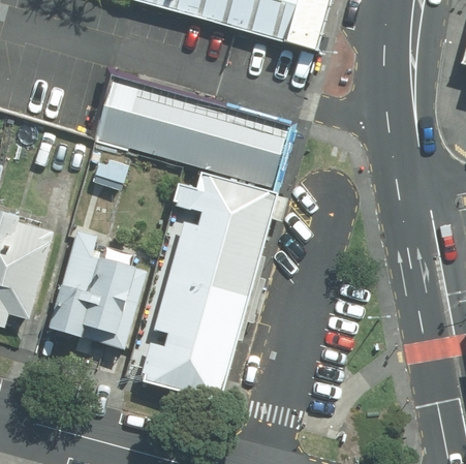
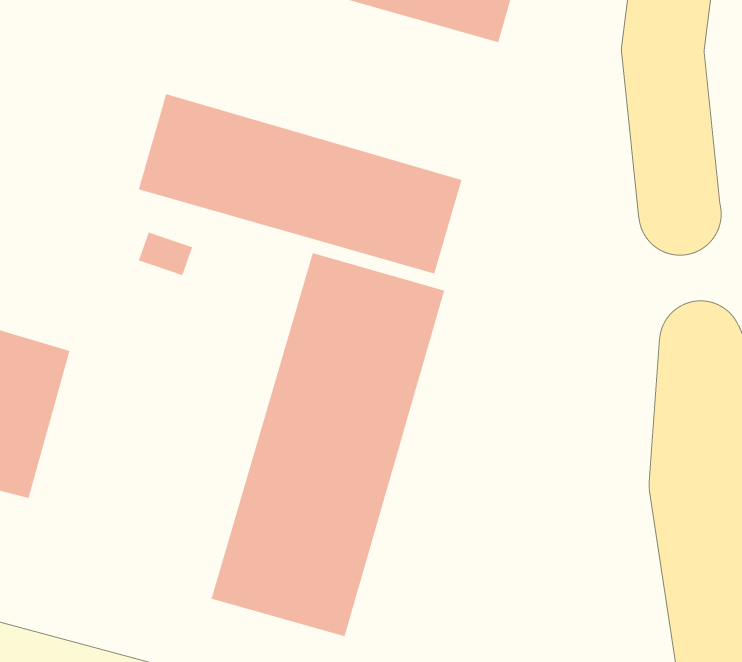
building: [49,230,150,352] -> none

